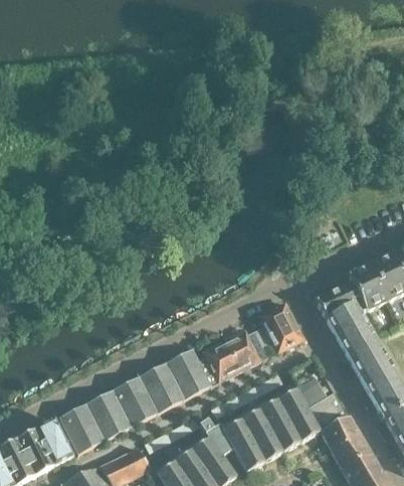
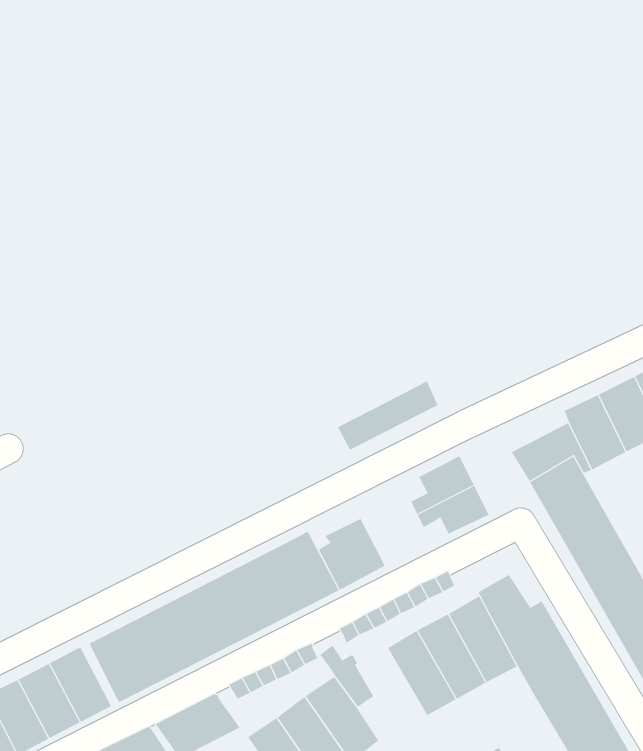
building: none -> [337,381,438,450]
building: [224,329,267,369] -> none
building: [221,420,264,472] -> none

